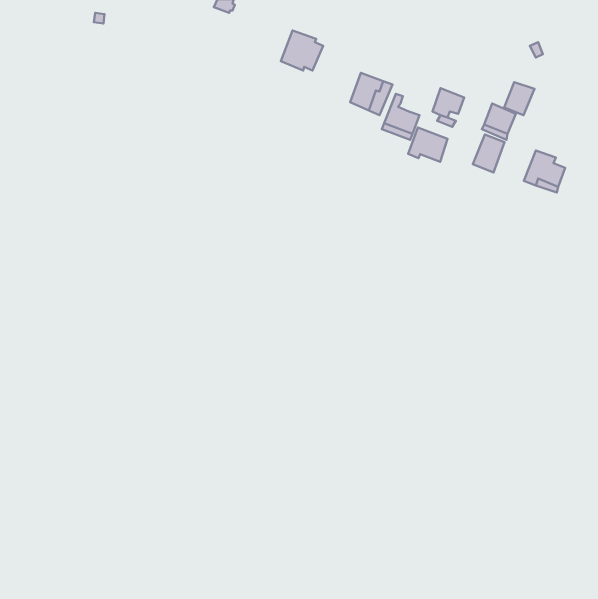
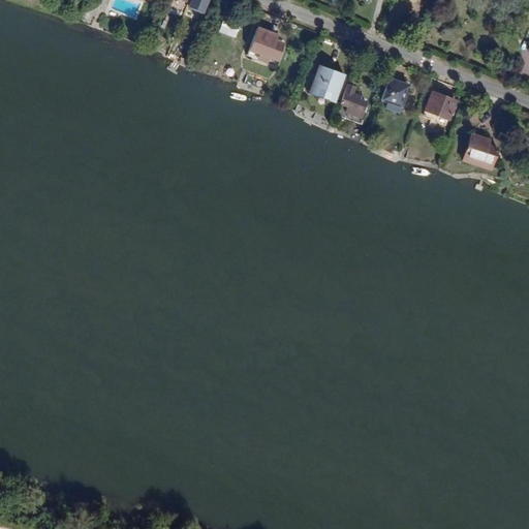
building: [504,82,534,115] -> none
building: [408,128,448,162] -> none
building: [473,134,504,173] -> none

